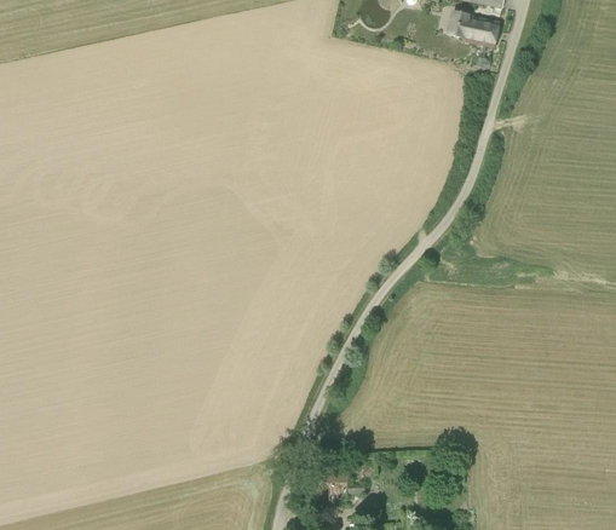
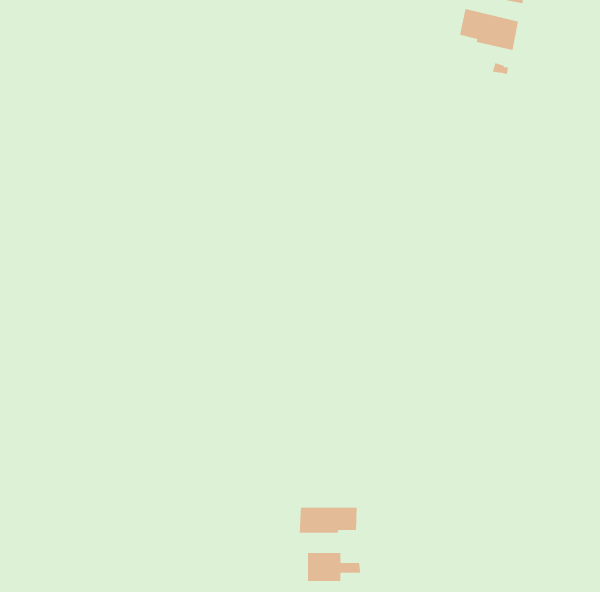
building: none -> [299,507,357,533]

